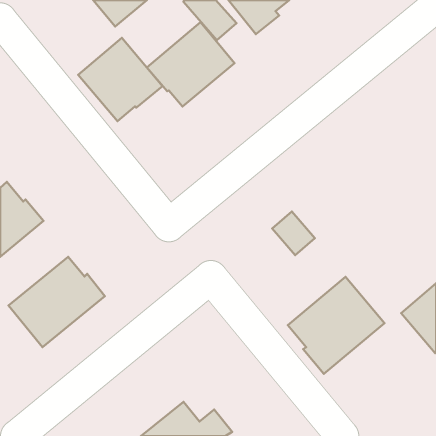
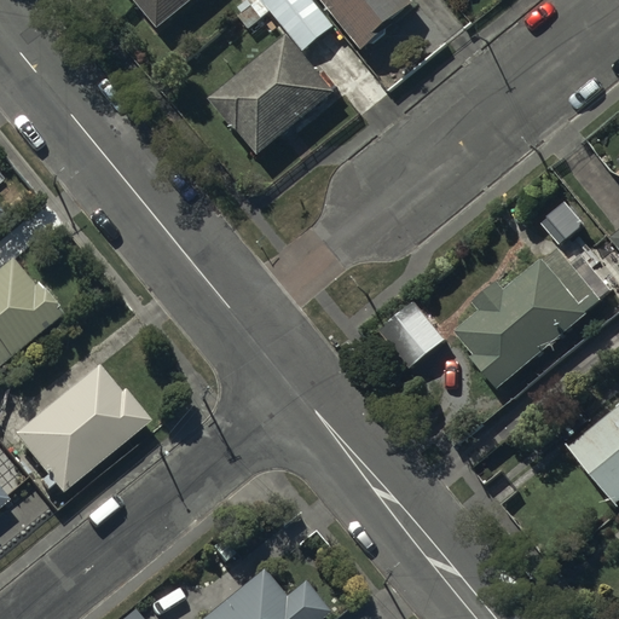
building: [78,38,162,121] -> none
building: none -> [456,245,601,387]
building: [288,277,384,374] -> none

